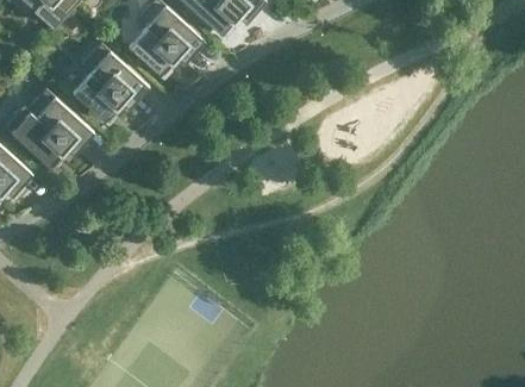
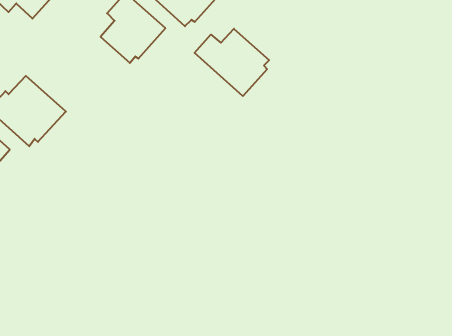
building: none -> [195,29,269,96]
building: [73,43,145,120] -> none

